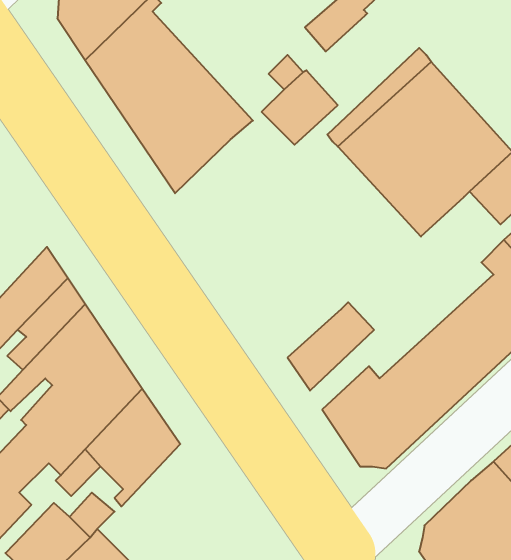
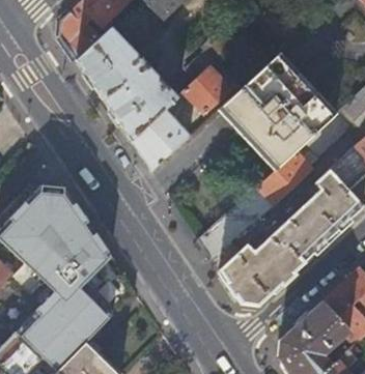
building: none -> [131,108,189,171]
building: none -> [238,142,311,208]

